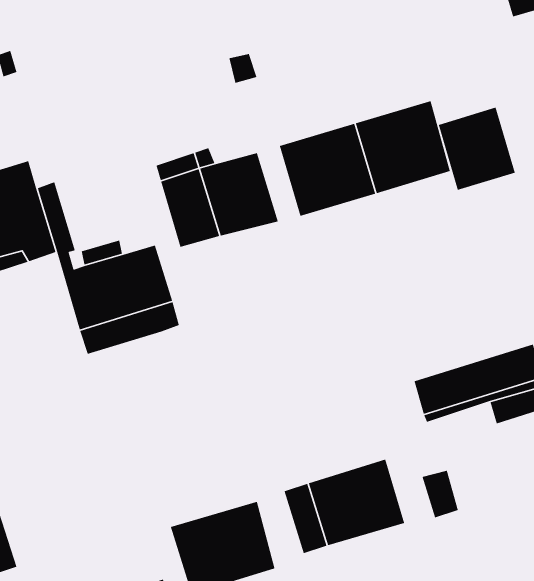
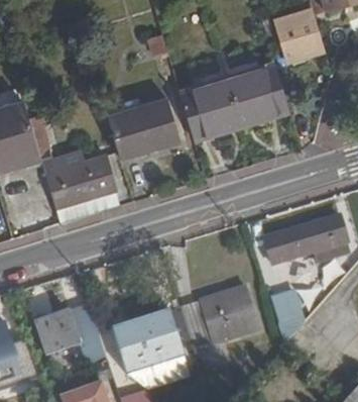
building: [438,107,516,191] -> [276,11,325,64]
building: none -> [35,305,102,356]

